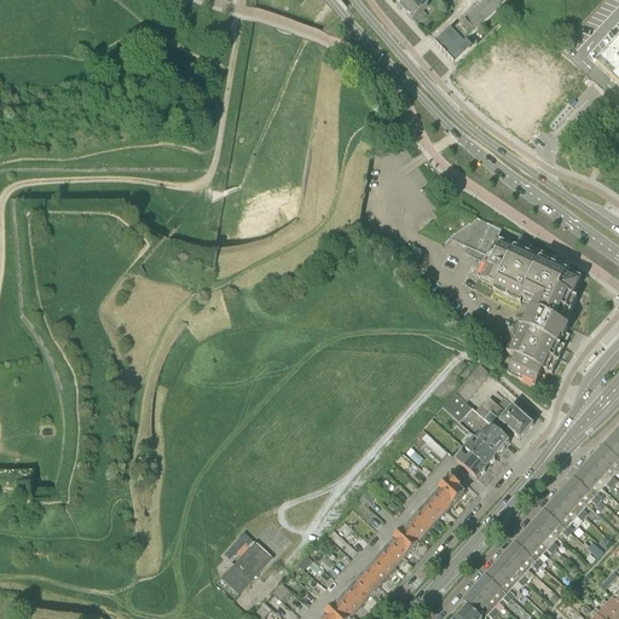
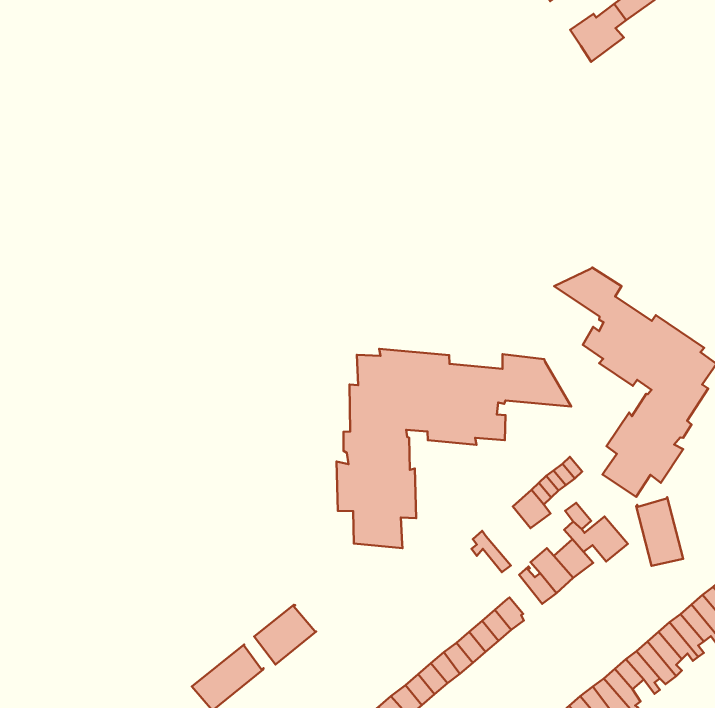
building: none -> [336,349,571,548]
building: none -> [636,497,683,566]
building: none -> [254,605,316,664]

